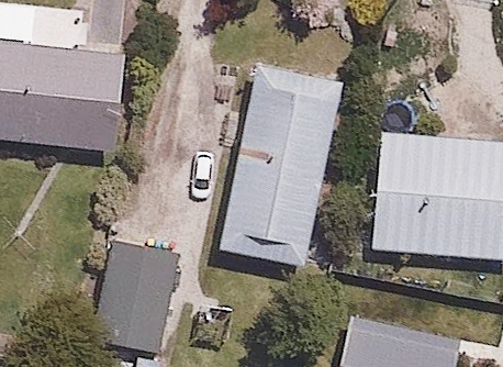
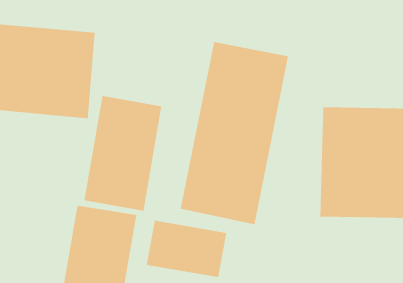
building: none -> [84,95,162,212]
building: none -> [146,220,227,278]

